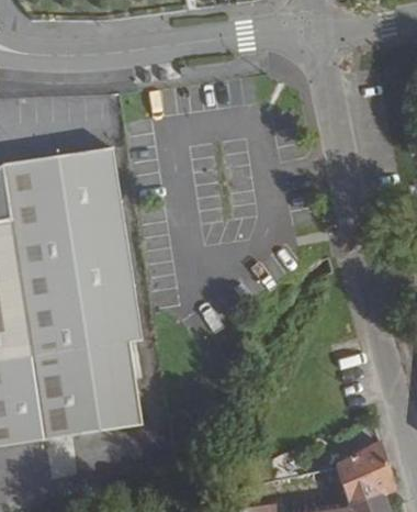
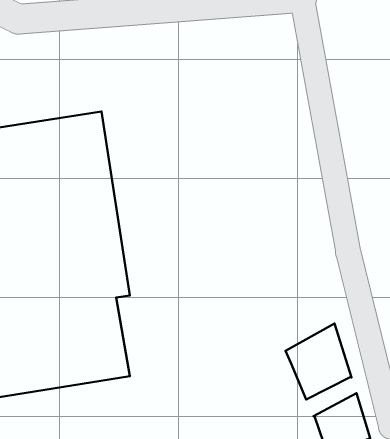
building: none -> [285,324,352,400]

